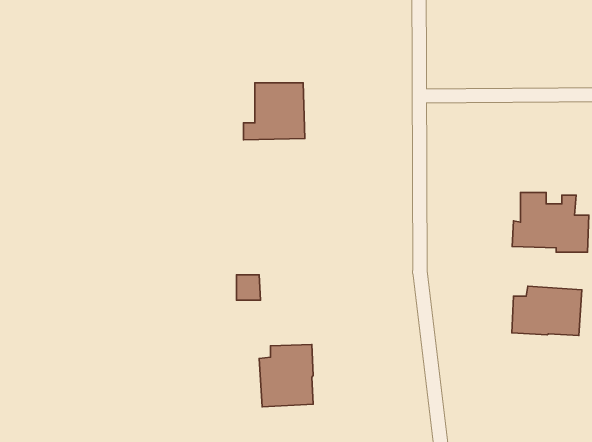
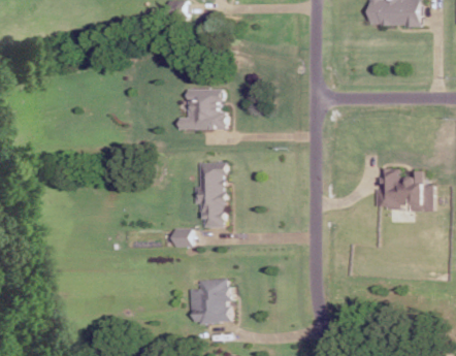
building: none -> [194,162,226,227]
building: [512,286,582,336] -> none

